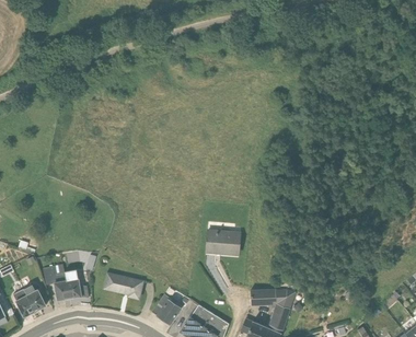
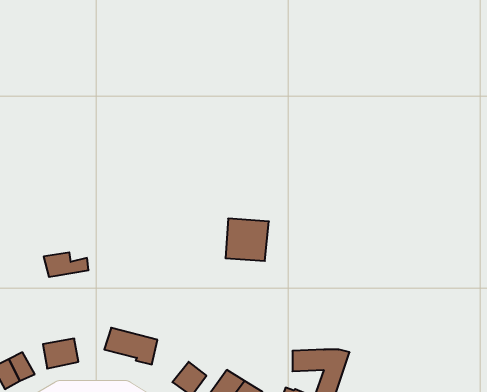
building: [205,228,240,262] -> [225,219,269,261]
building: [37,269,73,289] -> [44,252,89,277]

